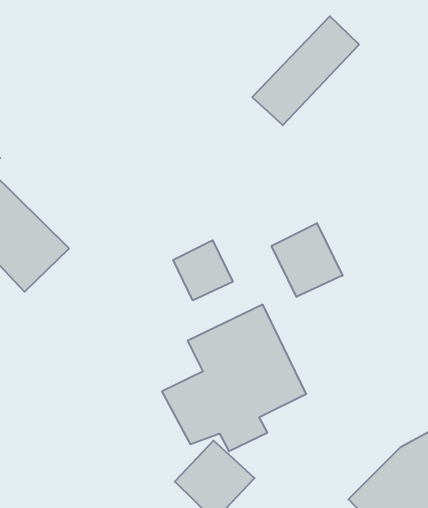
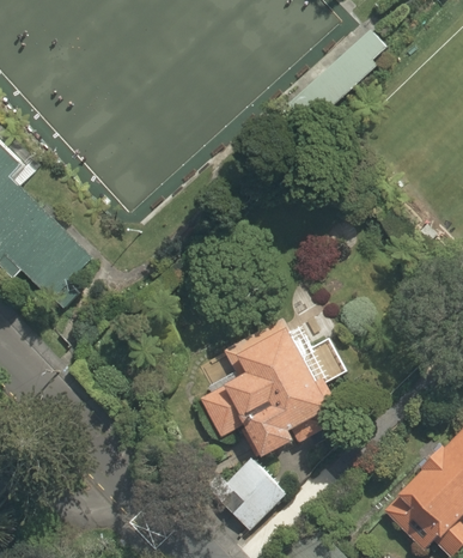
building: [272,223,343,297] -> none
building: [173,240,233,300] -> none

